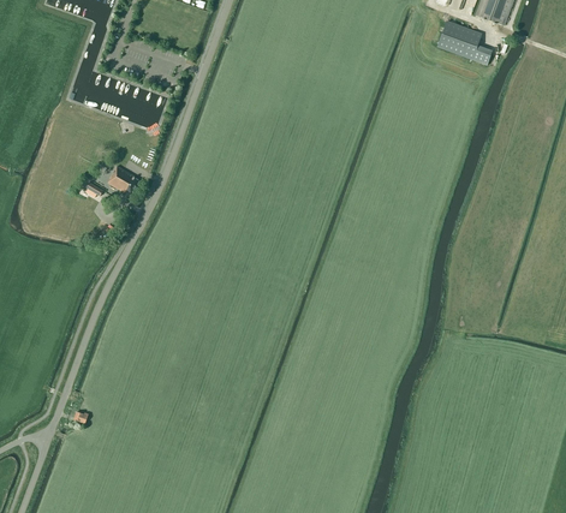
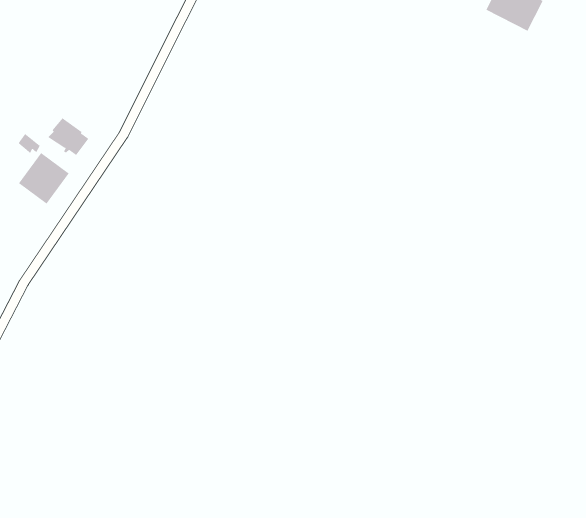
building: none -> [18,152,69,204]

